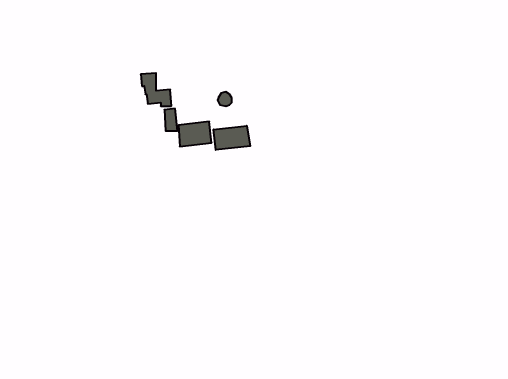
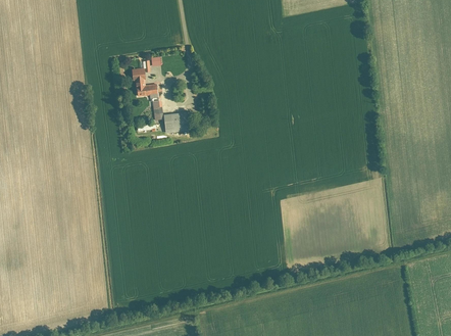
building: [214,126,250,150] -> none

